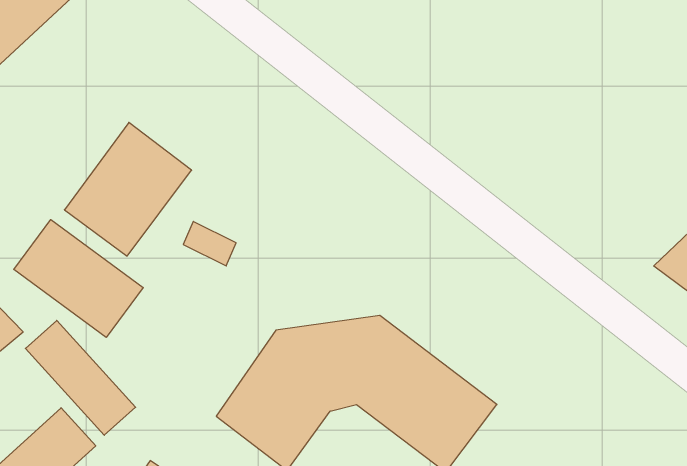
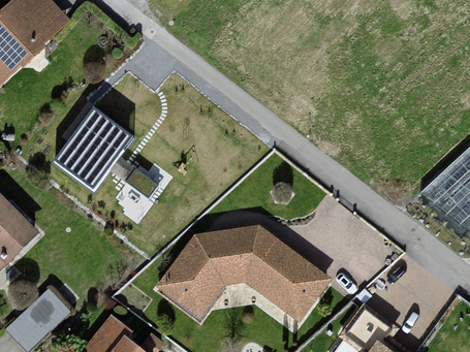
building: [14,220,143,337] -> none
building: [25,320,136,435] -> none

